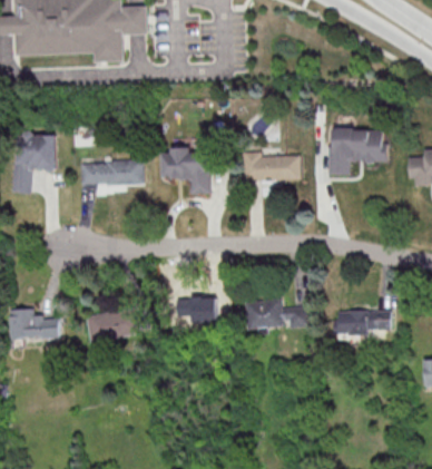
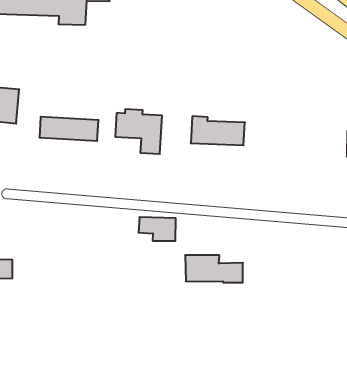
building: [327,128,386,174] -> none
building: [177,297,217,323] -> [138,217,176,241]
building: [86,307,143,342] -> none
building: [334,310,391,334] -> none

